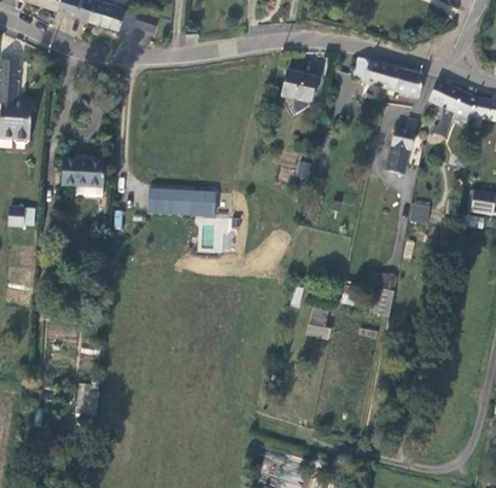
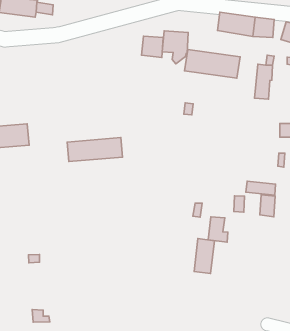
building: none -> [142,36,163,58]
building: none -> [185,49,240,78]
building: none -> [194,238,214,274]

